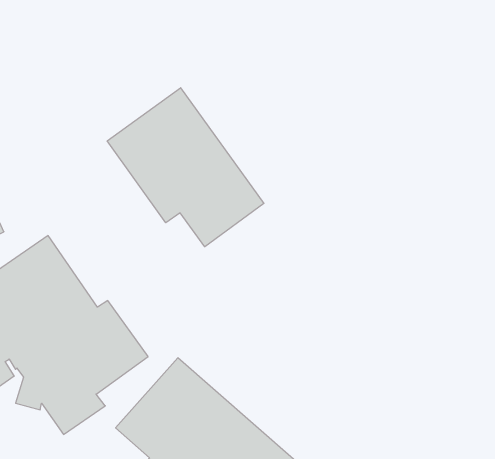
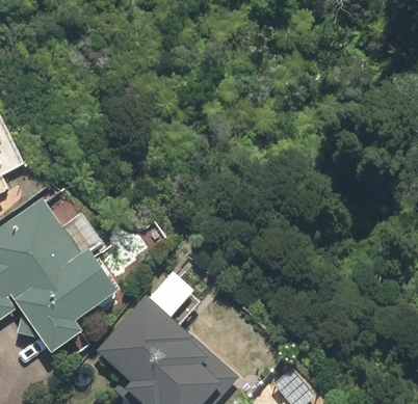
building: [107,88,264,247] -> none

